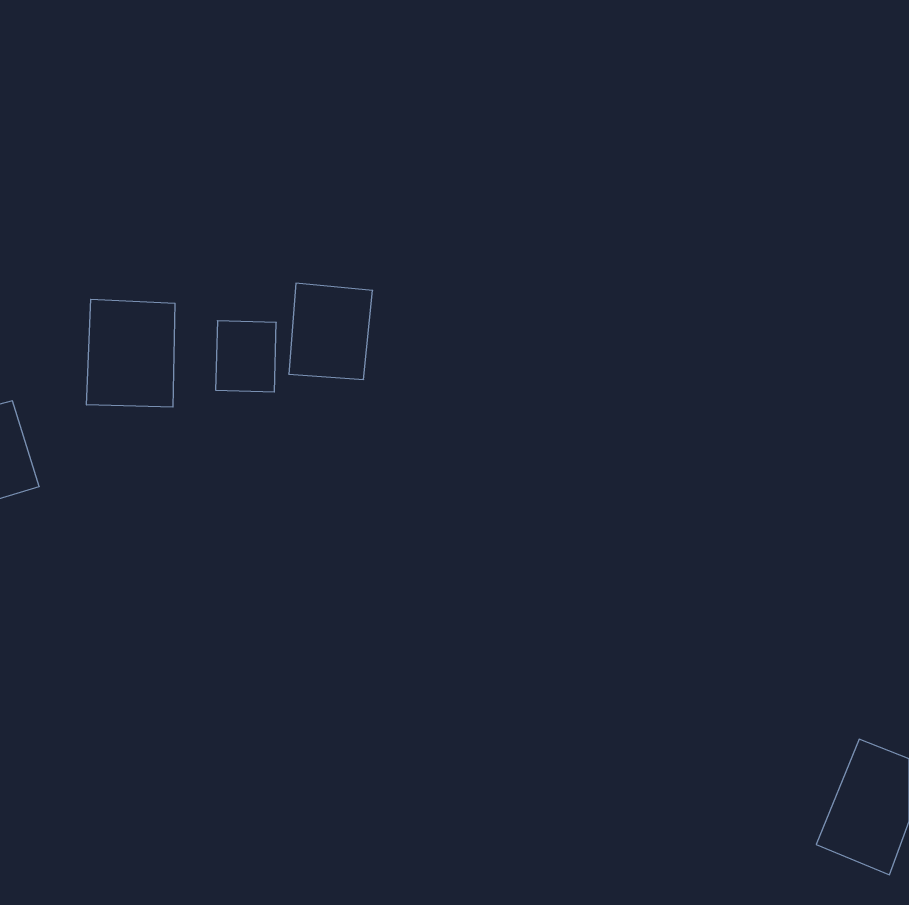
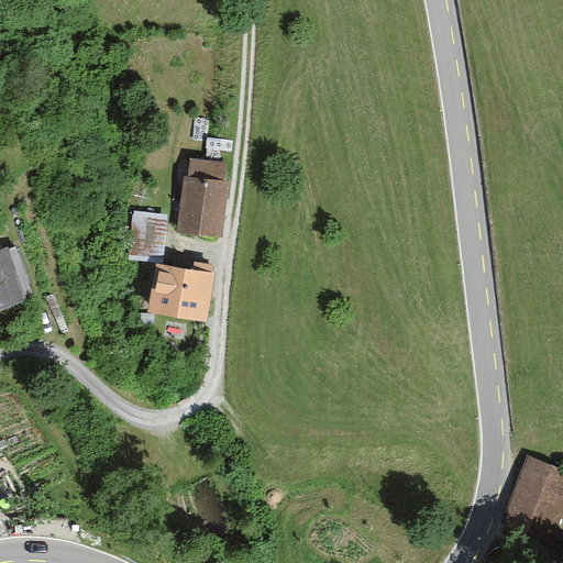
building: [87,299,175,407] -> none
building: none -> [146,260,212,321]

